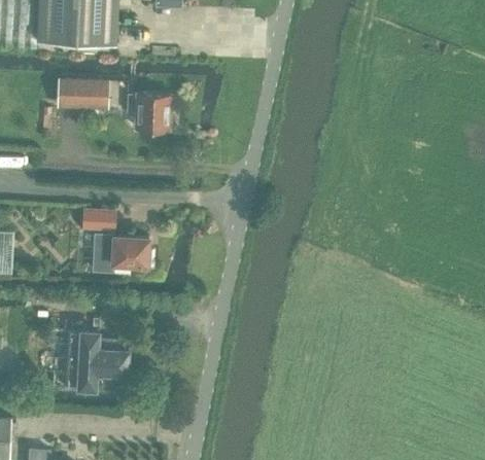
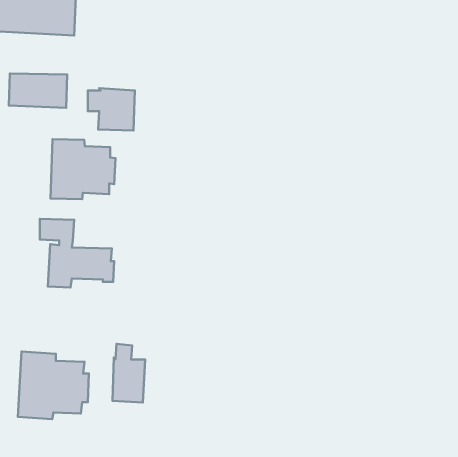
building: none -> [50,139,115,199]
building: none -> [112,344,145,402]

